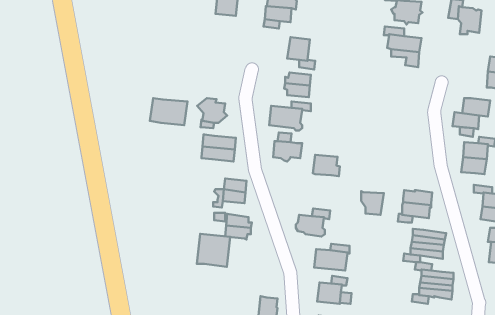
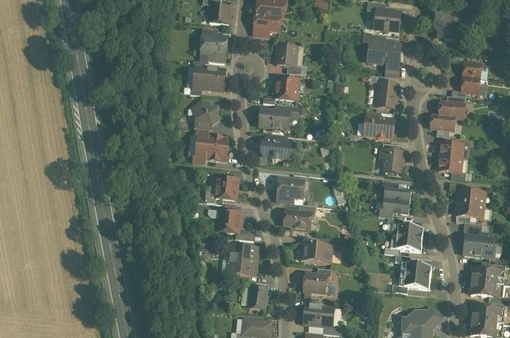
building: none -> [201,34,227,56]
building: none -> [377,81,398,107]
building: [150,98,188,125] -> [192,66,227,91]
building: none -> [364,116,394,137]
building: [313,155,340,176] -> [278,178,303,198]
building: [361,191,384,215] -> [381,148,402,170]
building: [197,234,230,267] -> [228,244,259,275]

